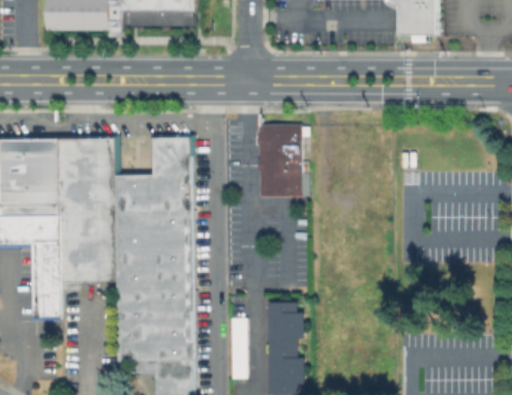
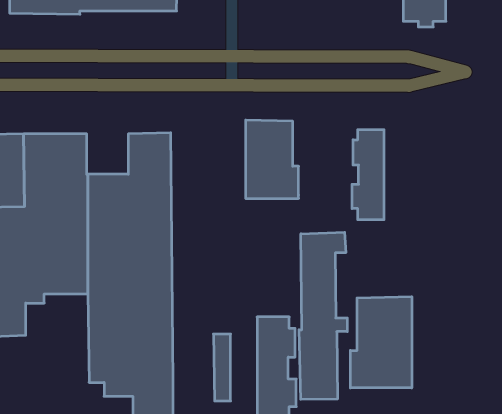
building: none -> [352,130,384,220]
building: none -> [299,232,347,399]
building: none -> [350,297,412,388]

